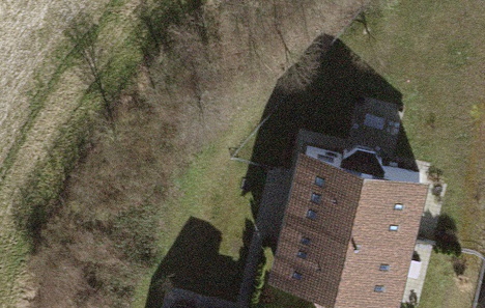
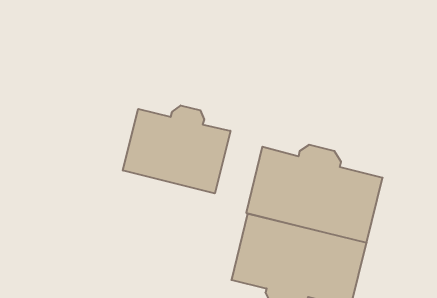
building: none -> [123,105,230,193]

